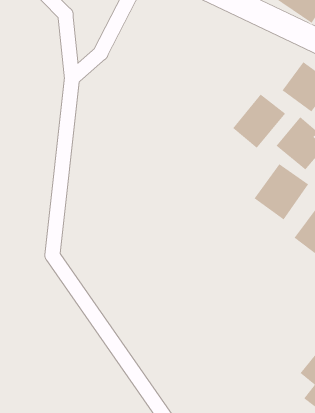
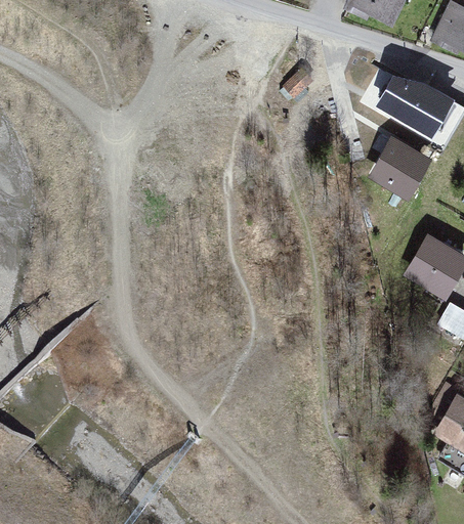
building: [232,94,286,149] -> none
building: [254,163,309,220] -> none

